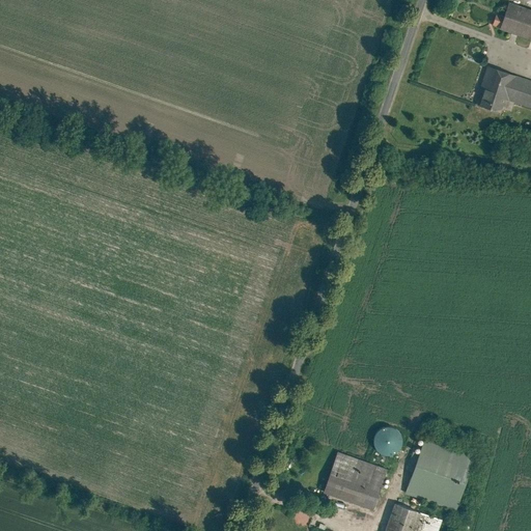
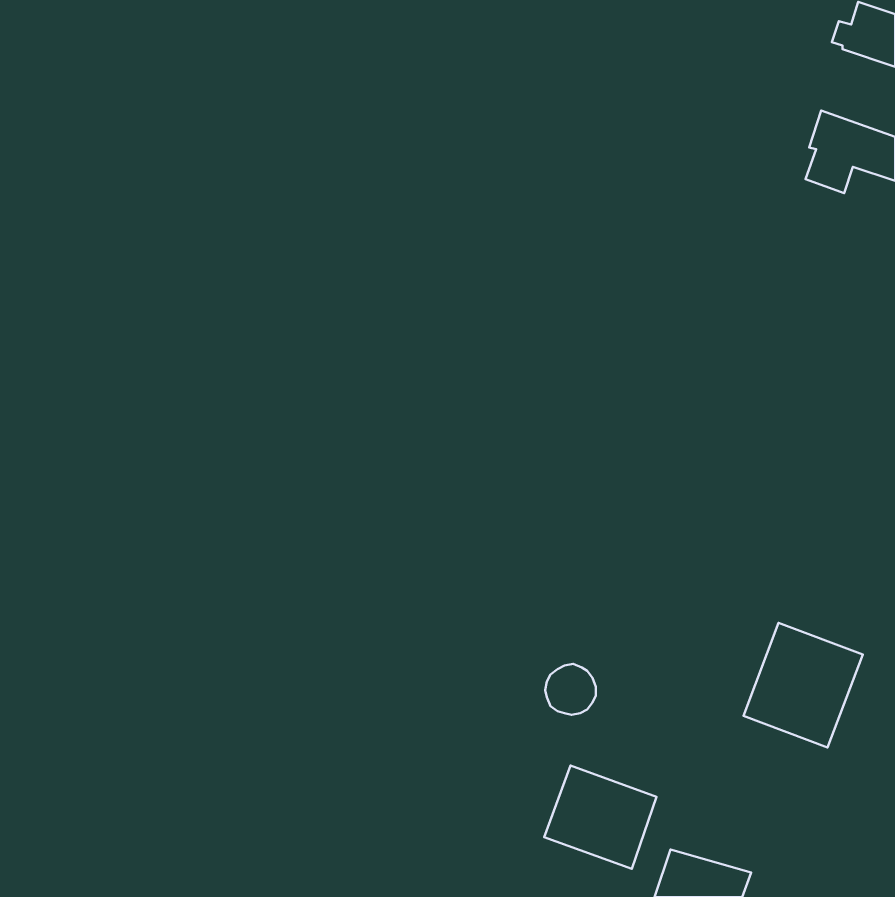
building: [372,428,402,458] -> [545,664,596,715]
building: [406,440,476,513] -> [743,623,863,747]

